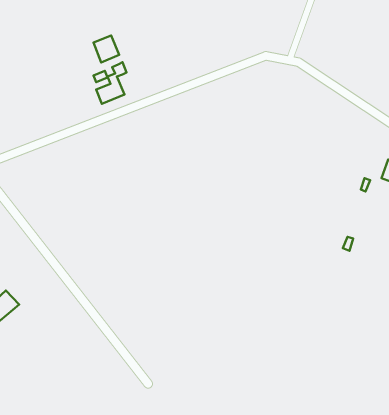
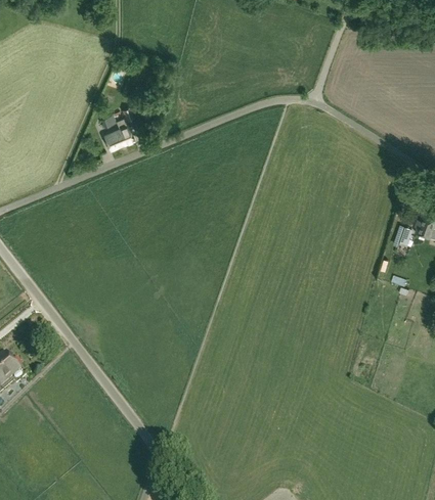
building: [93,36,119,63] -> none

